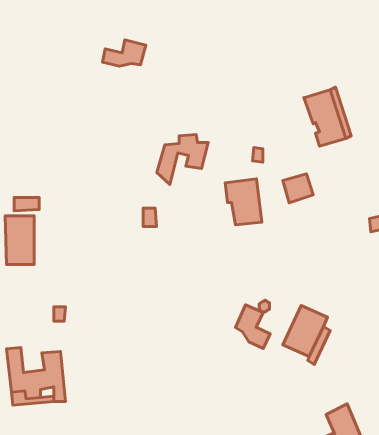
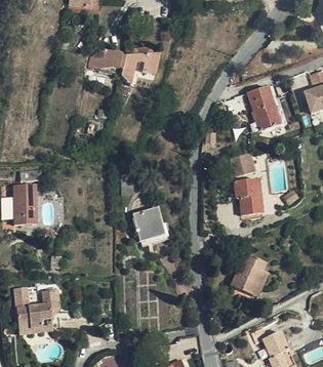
building: [157,134,208,184] -> [120,46,160,85]
building: [225,179,262,225] -> [233,178,261,214]
building: none -> [132,207,164,240]
building: [236,305,270,348] -> none

